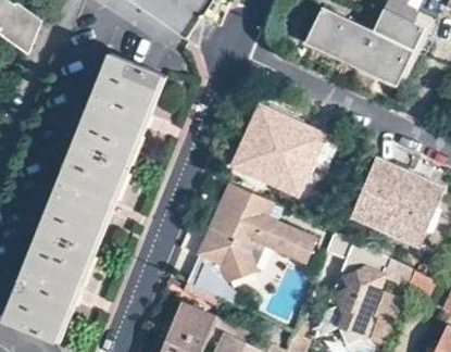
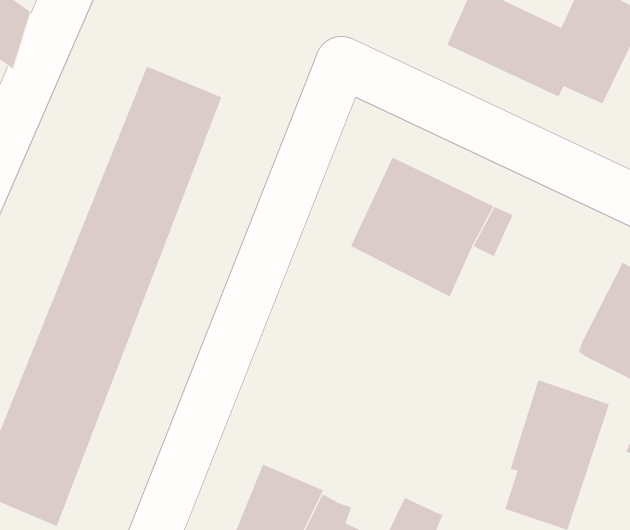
building: [348,159,404,230] -> none
building: [188,189,318,303] -> none

